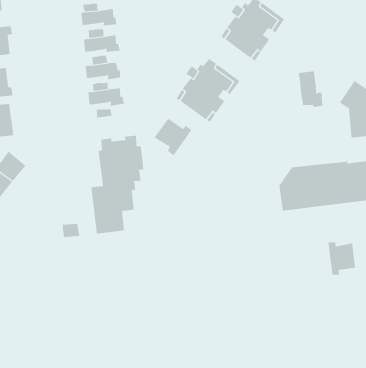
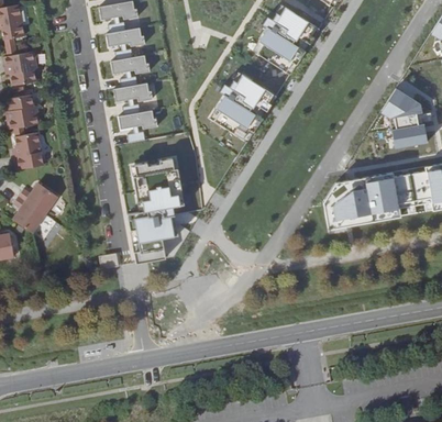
building: [298,70,323,108] -> none
building: [154,118,192,156] -> none
building: [328,242,356,275] -> none

